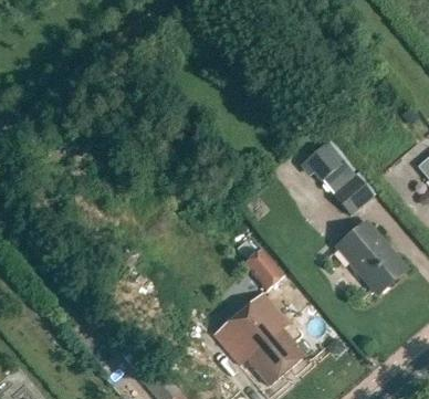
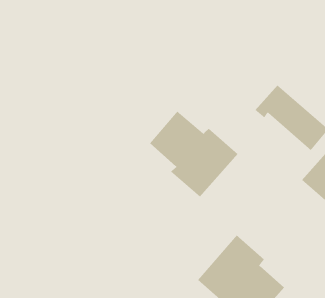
building: none -> [149,111,239,198]
building: [248,245,283,283] -> none

